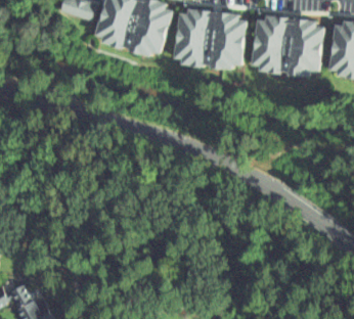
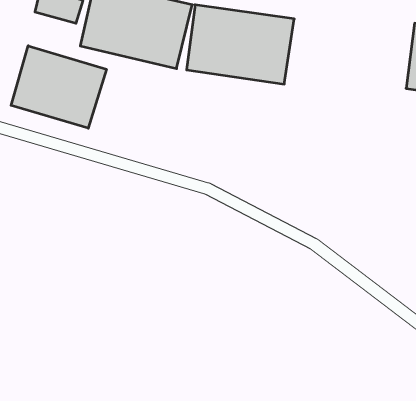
building: [250,21,324,73] -> none
building: none -> [11,46,106,128]

